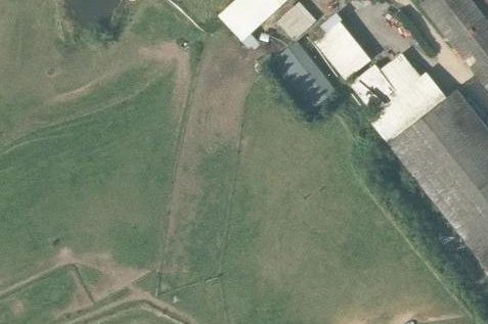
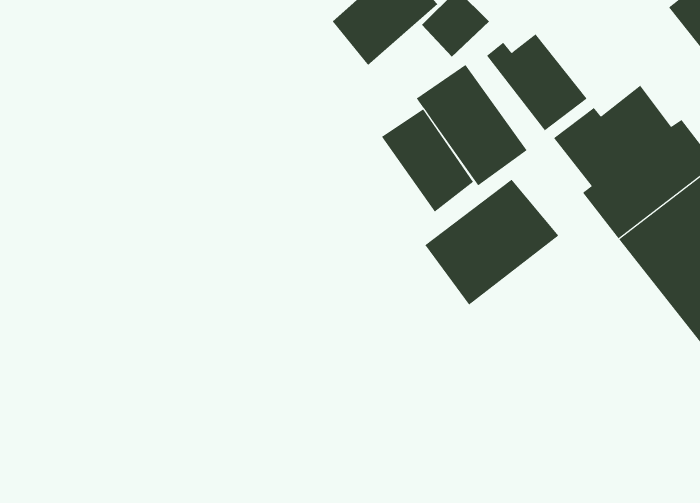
building: none -> [381,109,474,213]
building: none -> [425,179,559,305]

